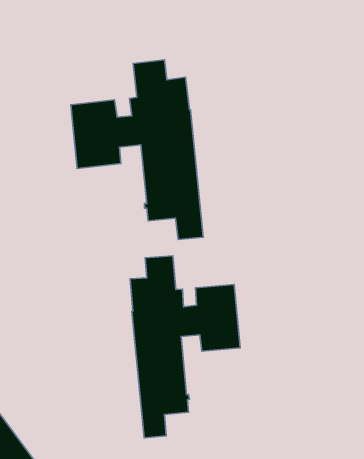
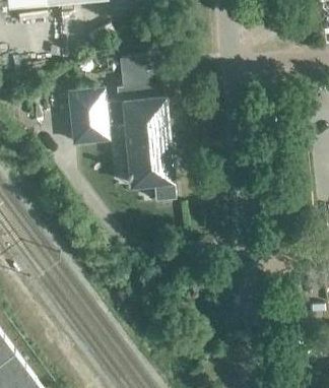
building: [130,256,240,438] -> none

